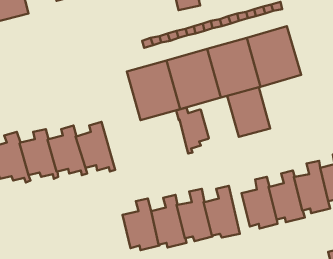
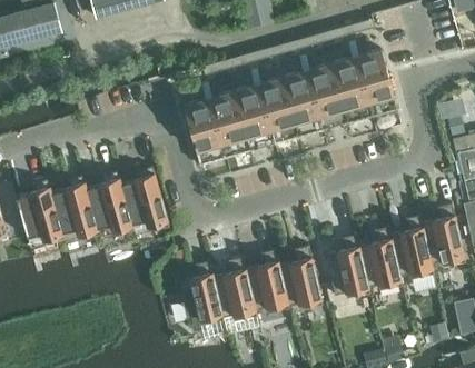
building: [227,87,270,137] -> none
building: [176,108,209,154] -> none

